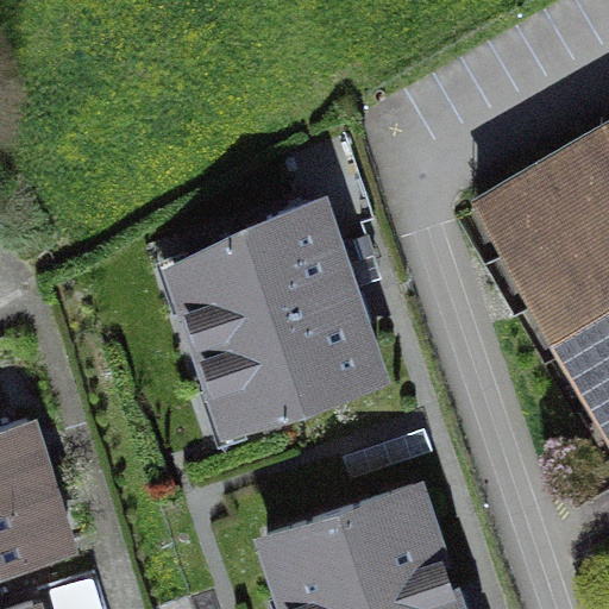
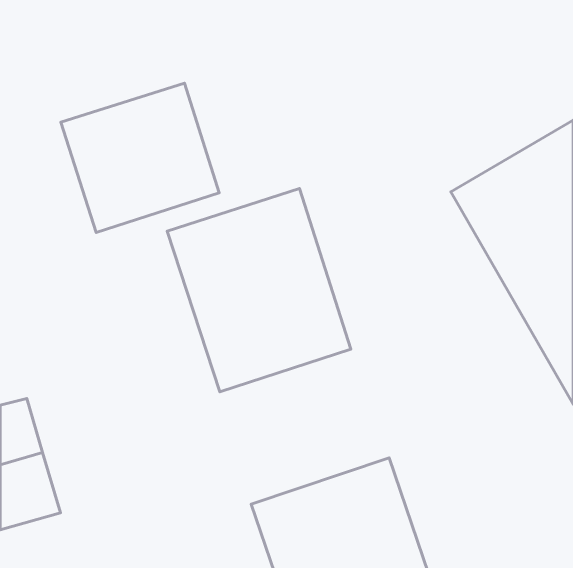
building: none -> [61,83,219,232]

